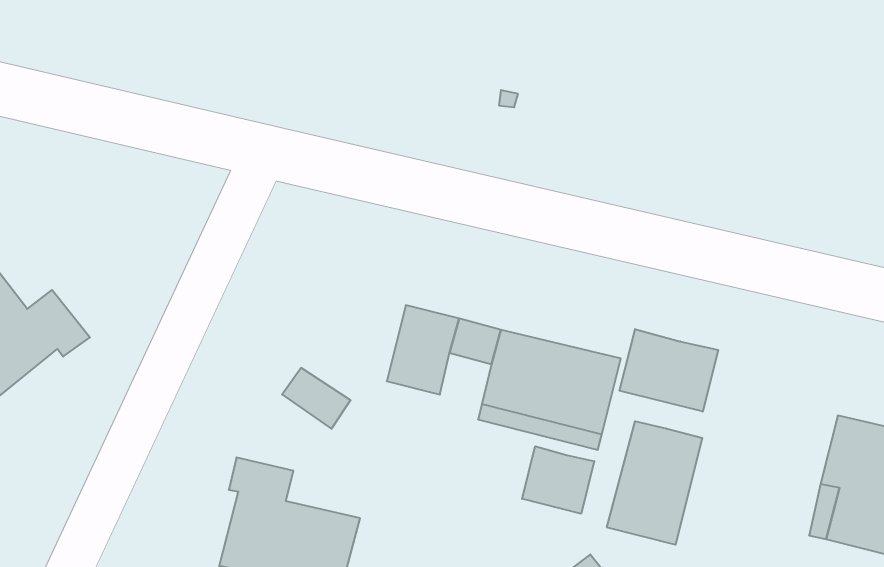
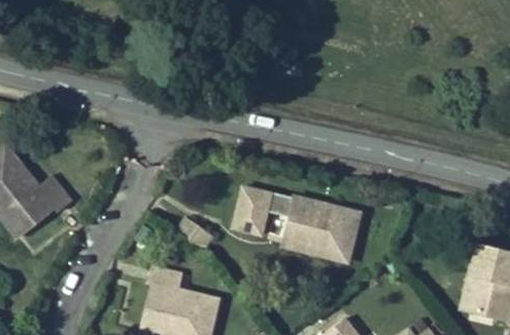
building: [620,329,718,412] -> none
building: [607,421,702,545] -> none
building: [522,446,594,514] -> none

